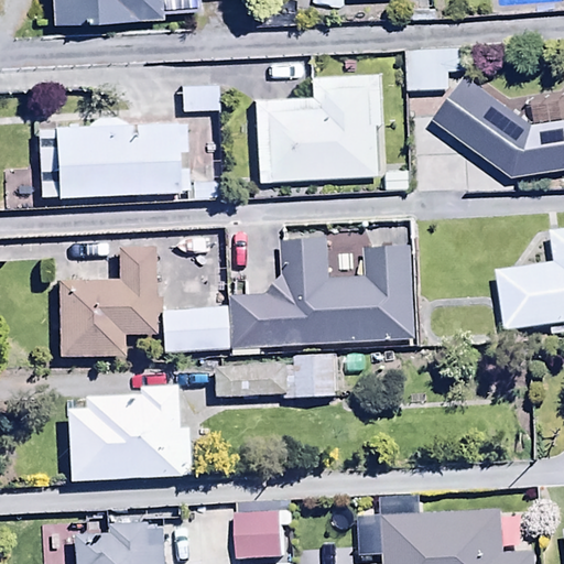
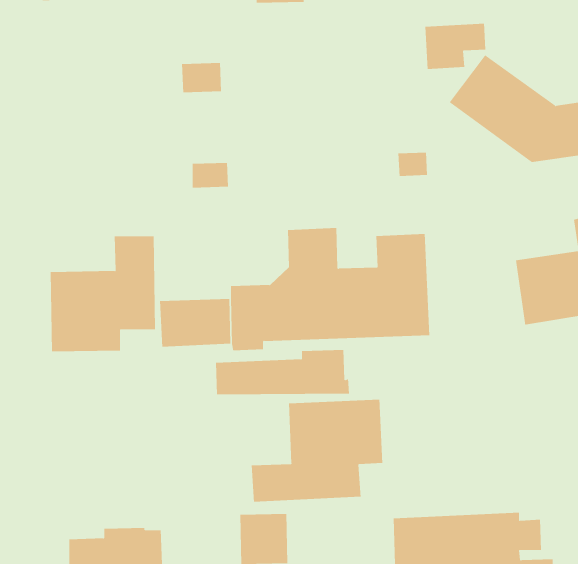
building: [252,72,386,182] -> none
building: [36,121,188,199] -> none
building: [65,388,203,481] -> none
building: none -> [251,399,383,502]

